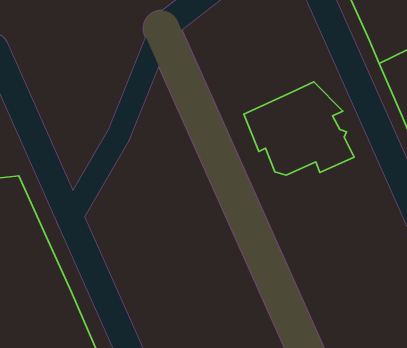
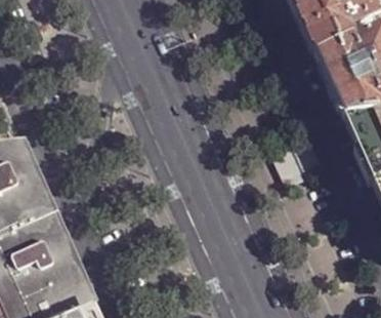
building: [244,82,354,175] -> none

